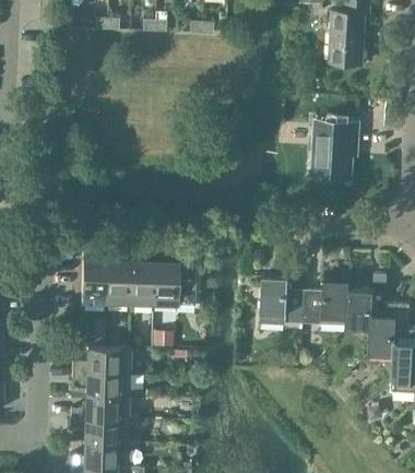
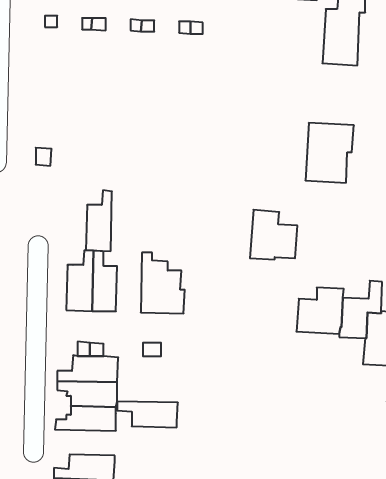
building: [128,246,153,305] -> [86,190,112,251]
building: [259,276,305,324] -> [250,210,297,259]
building: [69,418,128,444] -> [117,401,178,427]

